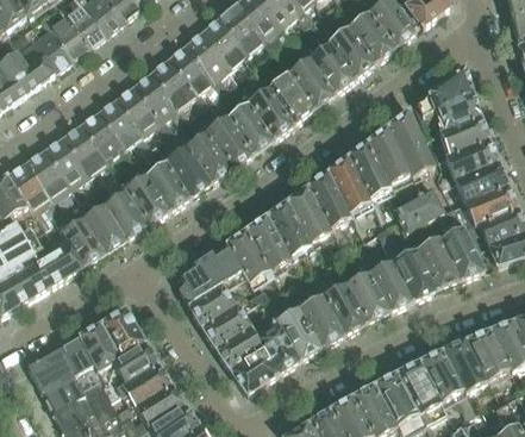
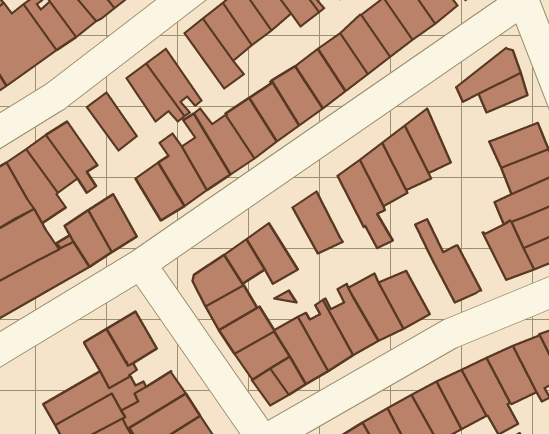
building: [152,56,196,117] -> none
building: [99,96,152,152] -> none
building: [388,108,435,176] -> none
building: [438,112,488,152] -> none
building: [63,123,110,175] -> none
building: [105,177,148,239] -> none
building: [288,185,331,241] -> none
building: [398,191,449,237] -> none
building: [245,213,290,269] -> none
building: [415,236,460,288] -> none
building: [361,249,413,310] -> none
building: [27,336,93,391] -> none
building: [119,341,157,375] -> none

